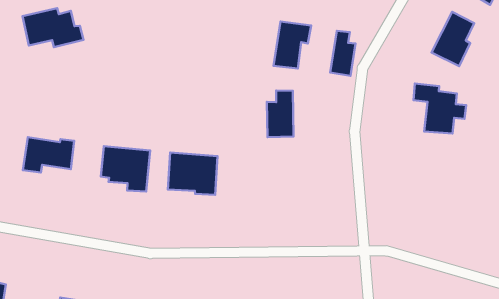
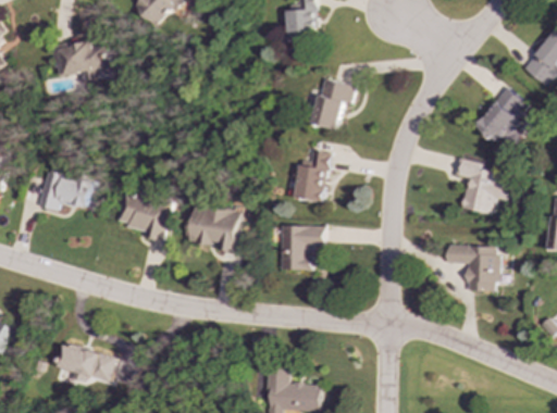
building: [330,31,355,76] -> none
building: none -> [281,224,325,270]
building: none -> [447,243,498,290]

